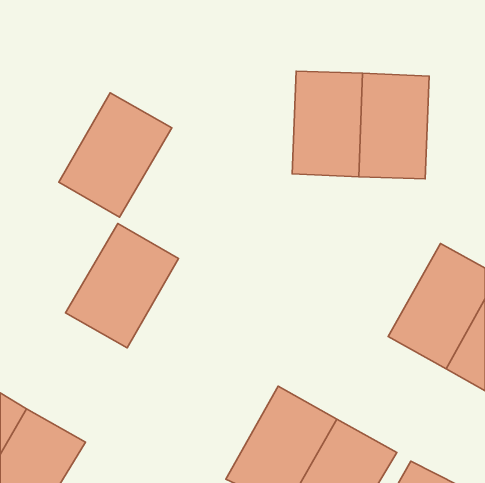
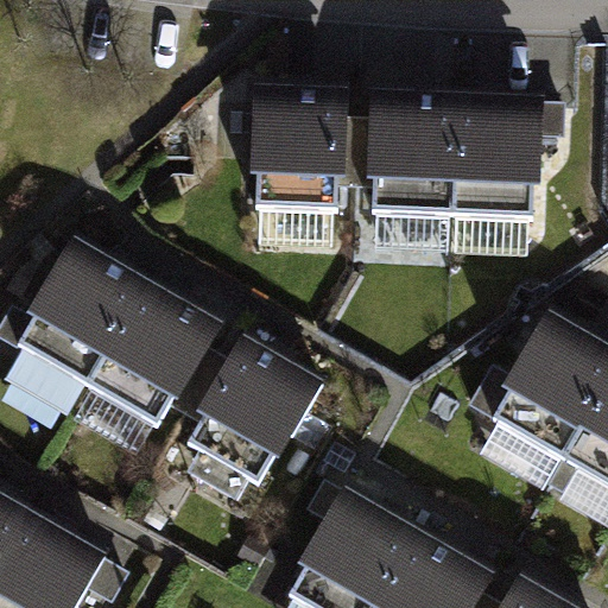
building: none -> [246,87,338,215]
building: [59,93,172,217] -> [6,239,147,394]
building: none -> [177,336,321,492]

